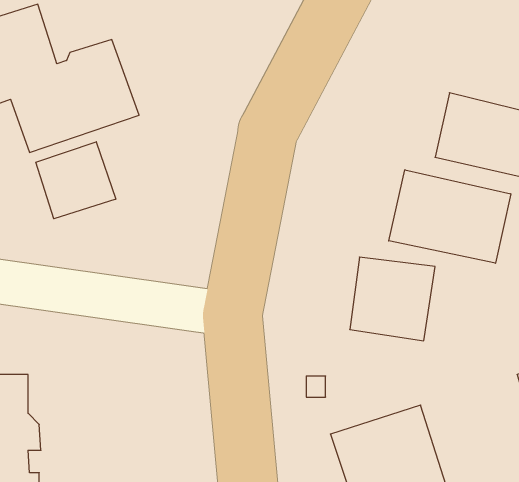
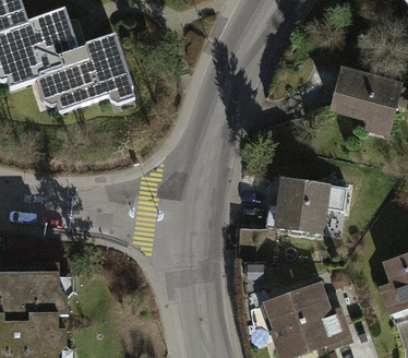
building: [36,142,116,219] -> none
building: [389,170,511,263] -> none

